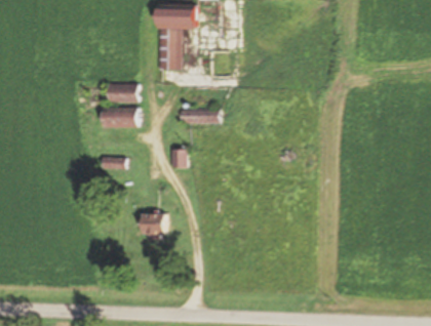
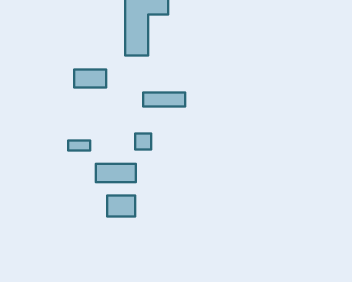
building: [101,108,140,128] -> none
building: none -> [96,164,136,182]

